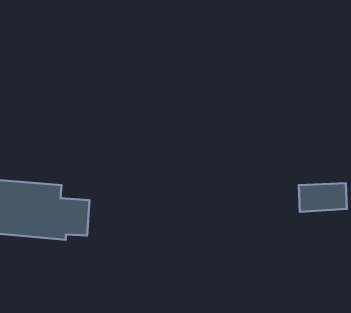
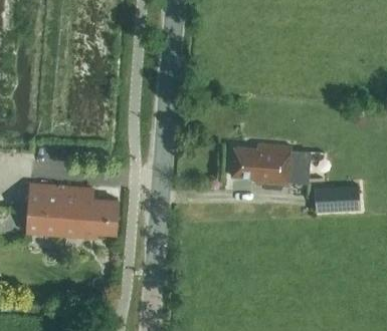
building: none -> [231,144,311,187]

